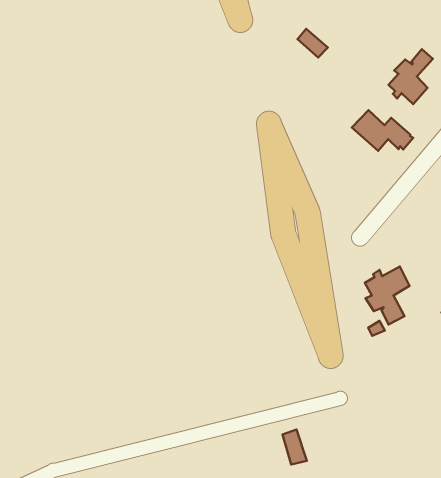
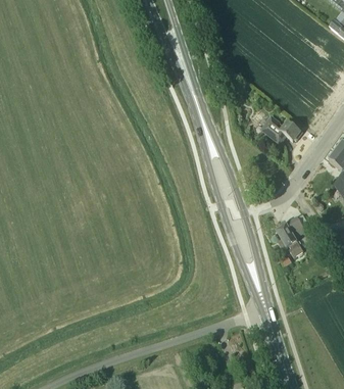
building: [389,49,433,104] -> none

